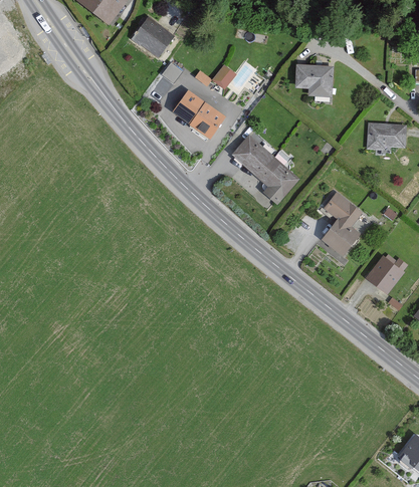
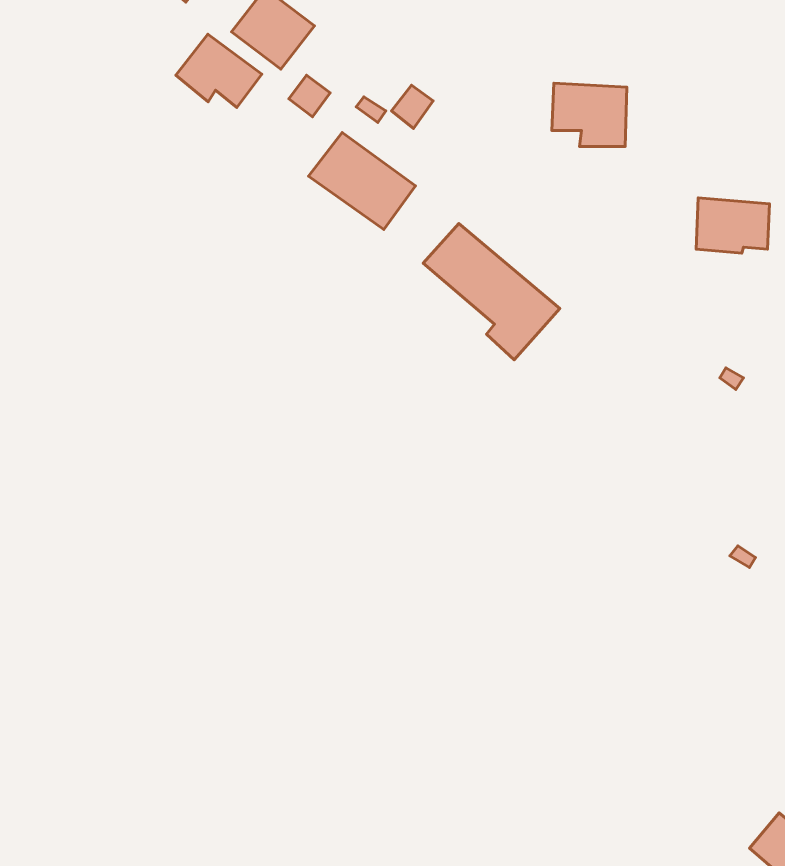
building: none -> [176,34,262,107]
building: [320,193,362,257] -> none
building: [366,254,408,295] -> none

